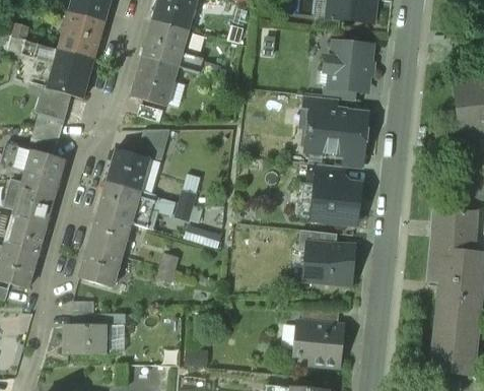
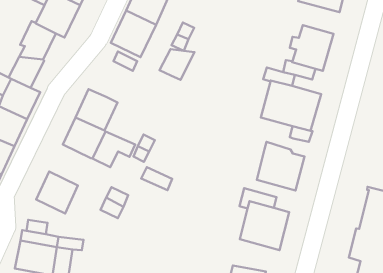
building: [136,128,170,160] -> [160,49,194,80]
building: [306,162,345,183] -> none
building: [87,212,130,254] -> none

